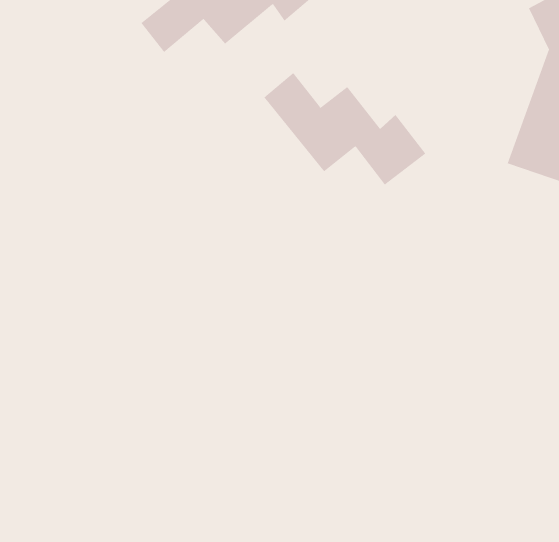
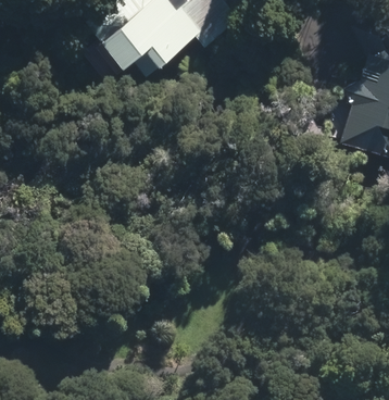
building: [263,72,426,185] -> none

